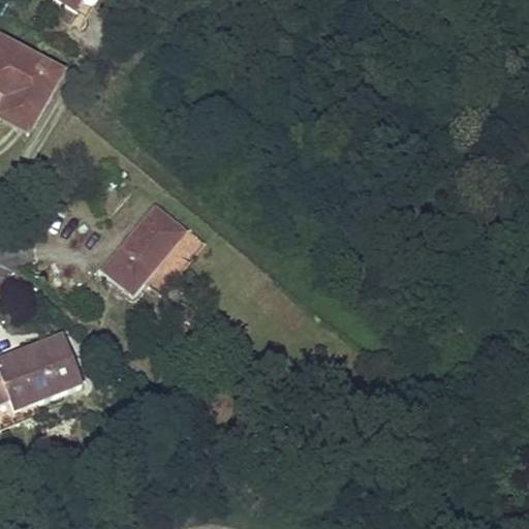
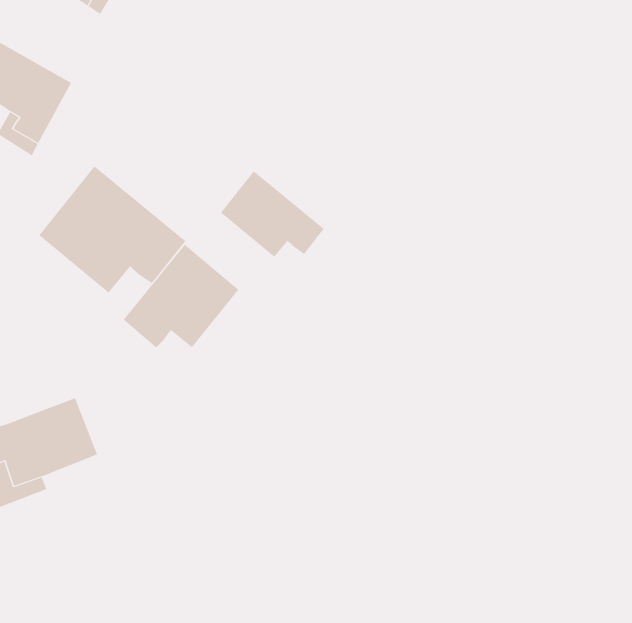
building: none -> [39,166,186,293]
building: none -> [220,171,325,258]

